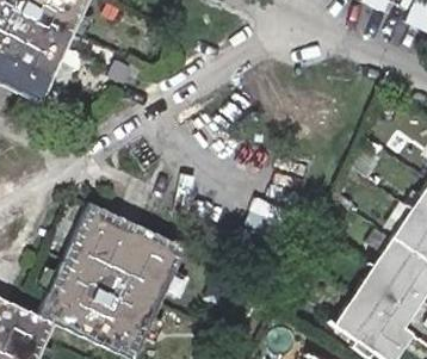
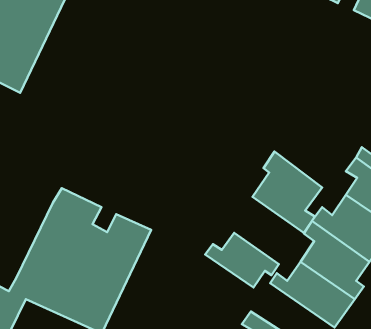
building: none -> [253,152,322,233]
building: none -> [205,233,279,287]

